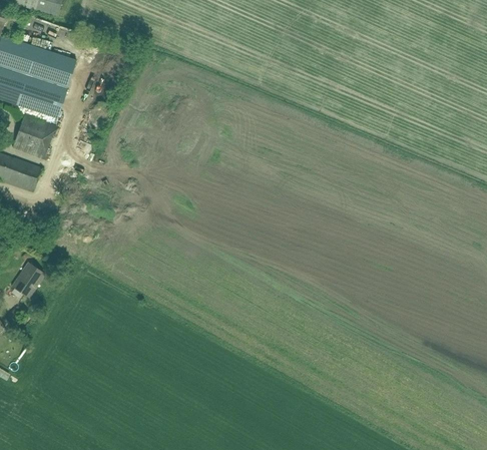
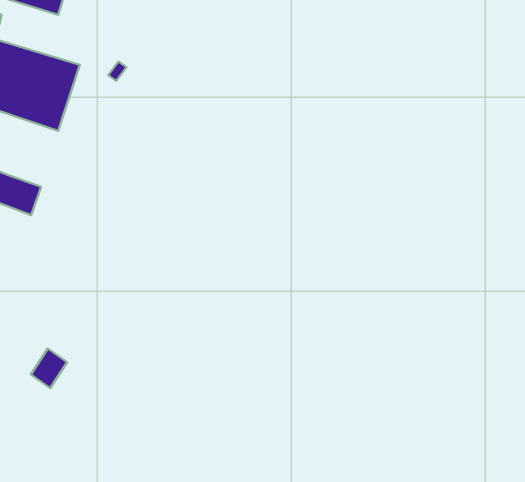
building: [11,113,55,158] -> none
building: [11,262,43,297] -> [31,348,67,388]

